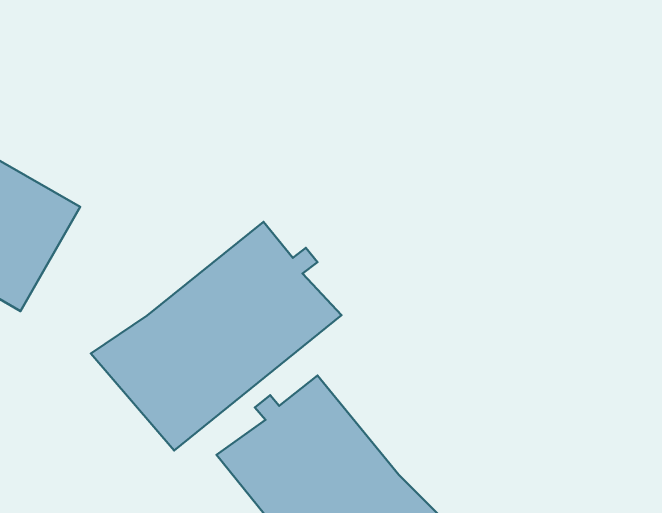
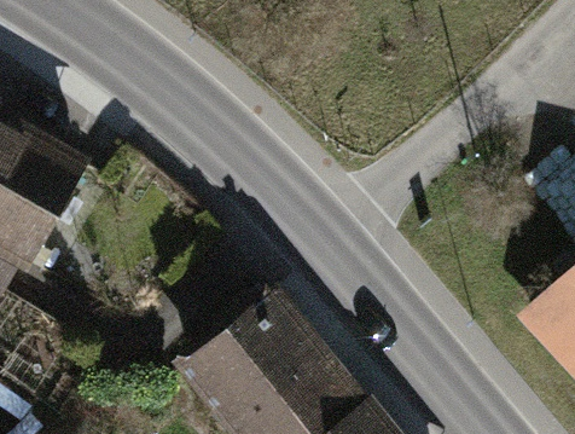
building: [91,222,341,450] -> none

